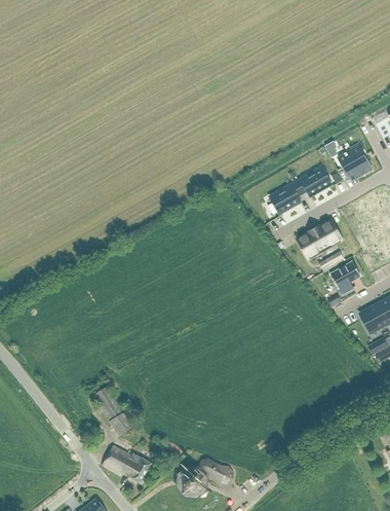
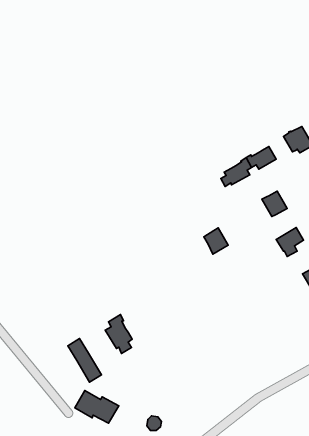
building: [297,229,324,259] -> [204,228,228,254]
building: none -> [105,315,132,353]
building: [200,459,233,483] -> none

